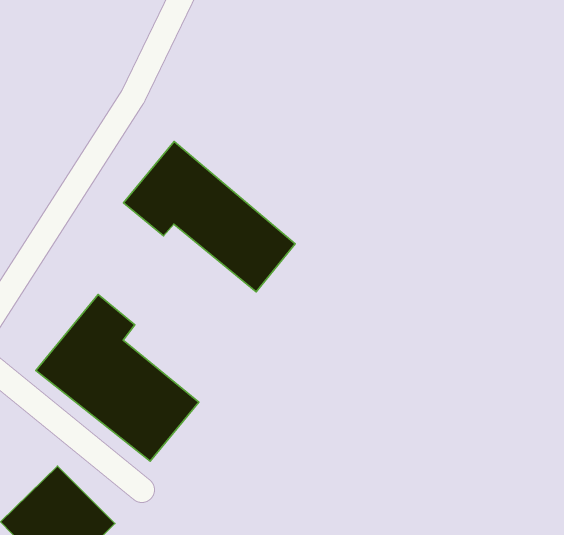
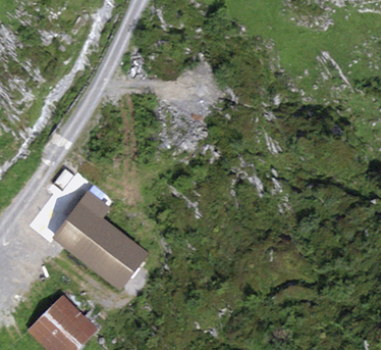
building: [124,142,295,292] -> none

